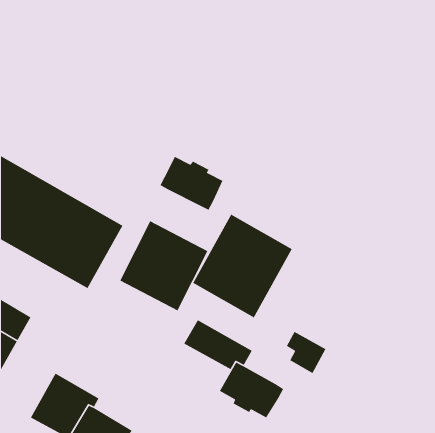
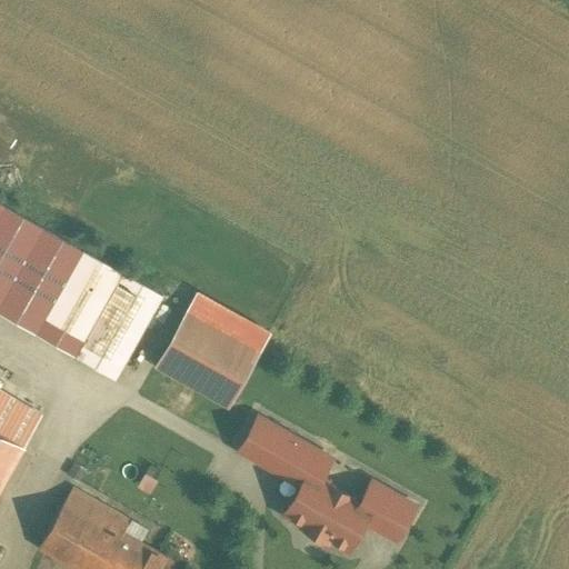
building: [160,156,223,211] -> none
building: [192,214,293,319] -> none
building: [286,331,327,374] -> [360,483,413,540]

